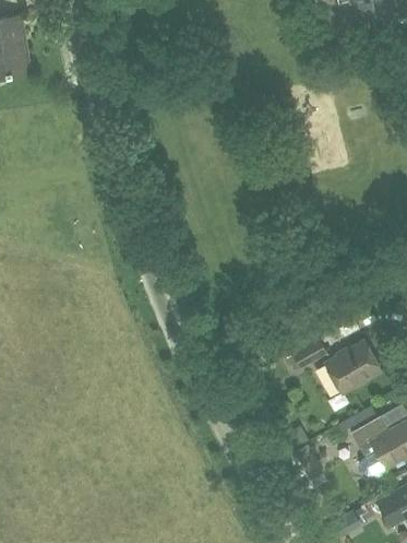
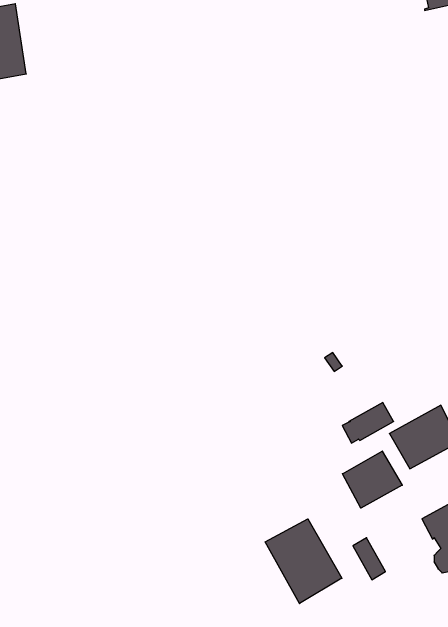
building: none -> [342,451,402,508]
building: none -> [265,519,342,604]

